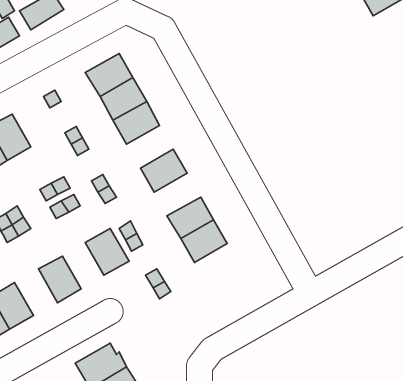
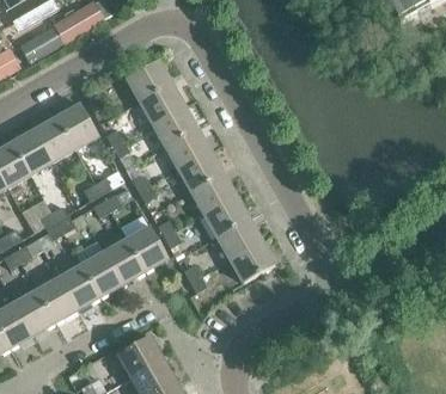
building: none -> [56,103,98,147]
building: none -> [165,127,209,167]
building: none -> [191,172,236,213]
building: none -> [104,238,143,282]
building: none -> [230,239,274,281]
building: none -> [59,263,99,307]

